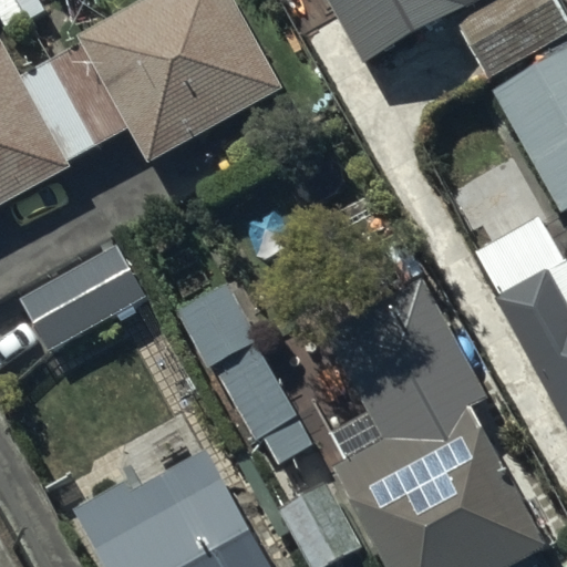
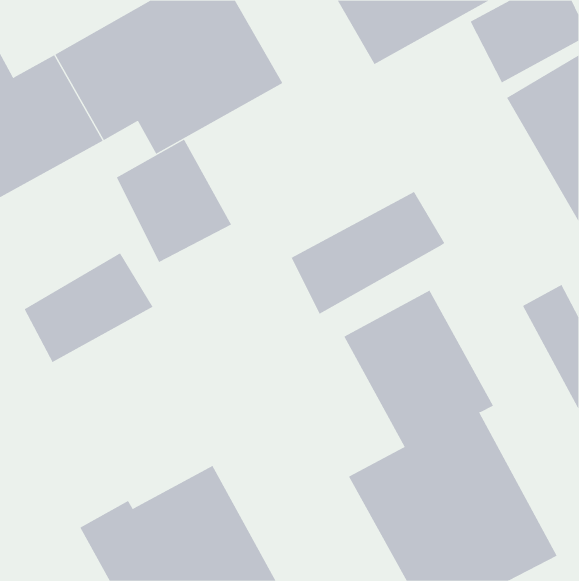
building: none -> [116,139,232,263]
building: none -> [291,191,445,315]
building: [178,286,312,464] -> none

